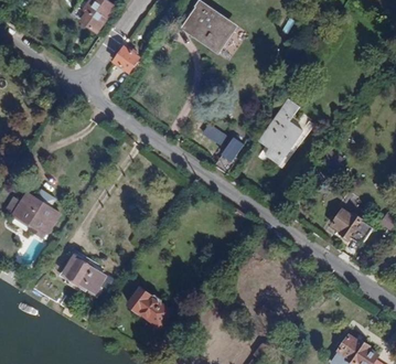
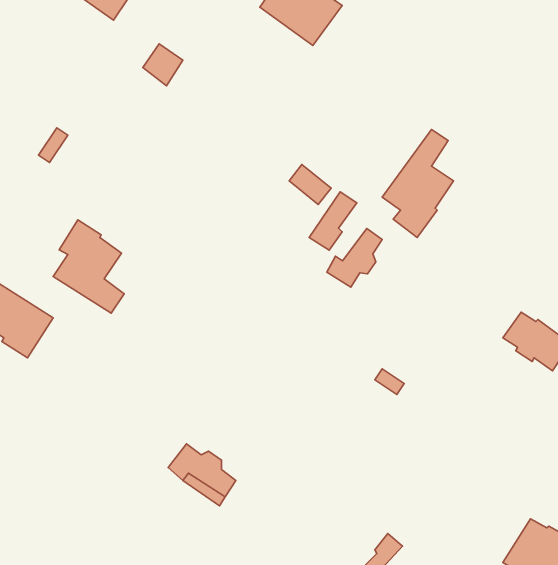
building: none -> [53,220,124,313]
building: none -> [327,228,382,287]
building: [64,257,104,292] -> none

